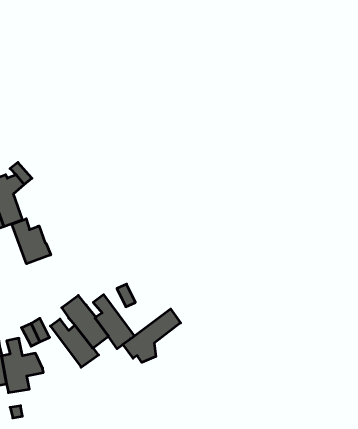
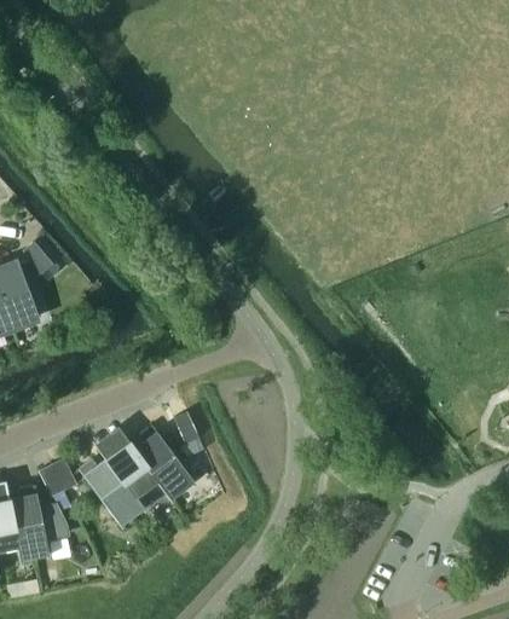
building: [12,219,51,264] -> none
building: [123,309,181,362] -> none

